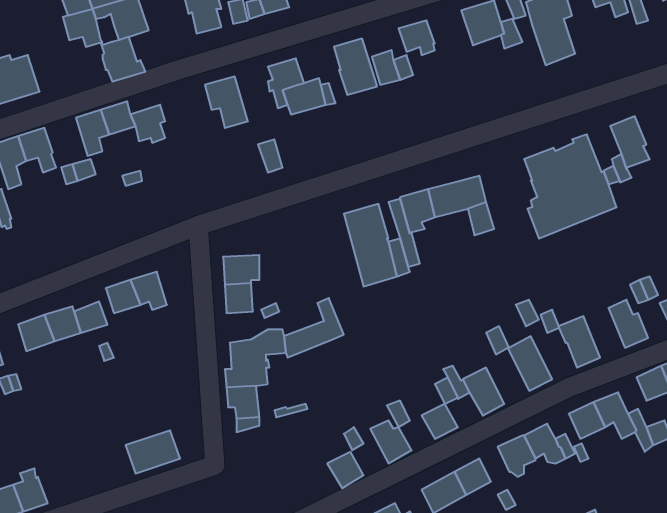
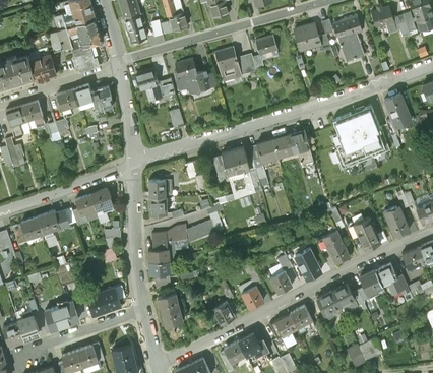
building: none -> [26,49,57,82]
building: none -> [158,293,183,325]
building: none -> [45,302,78,328]

